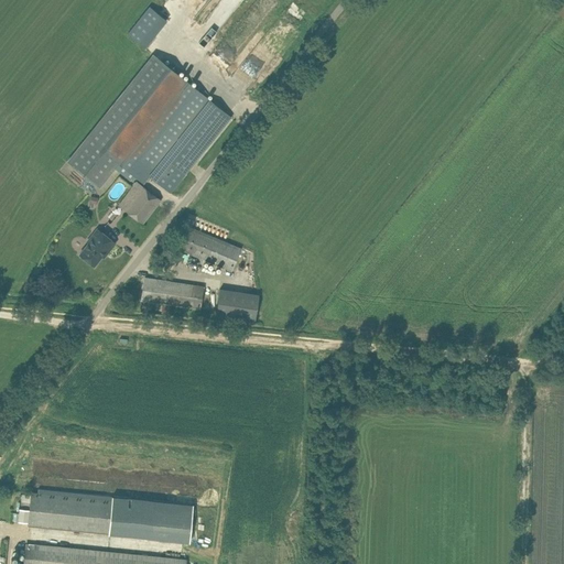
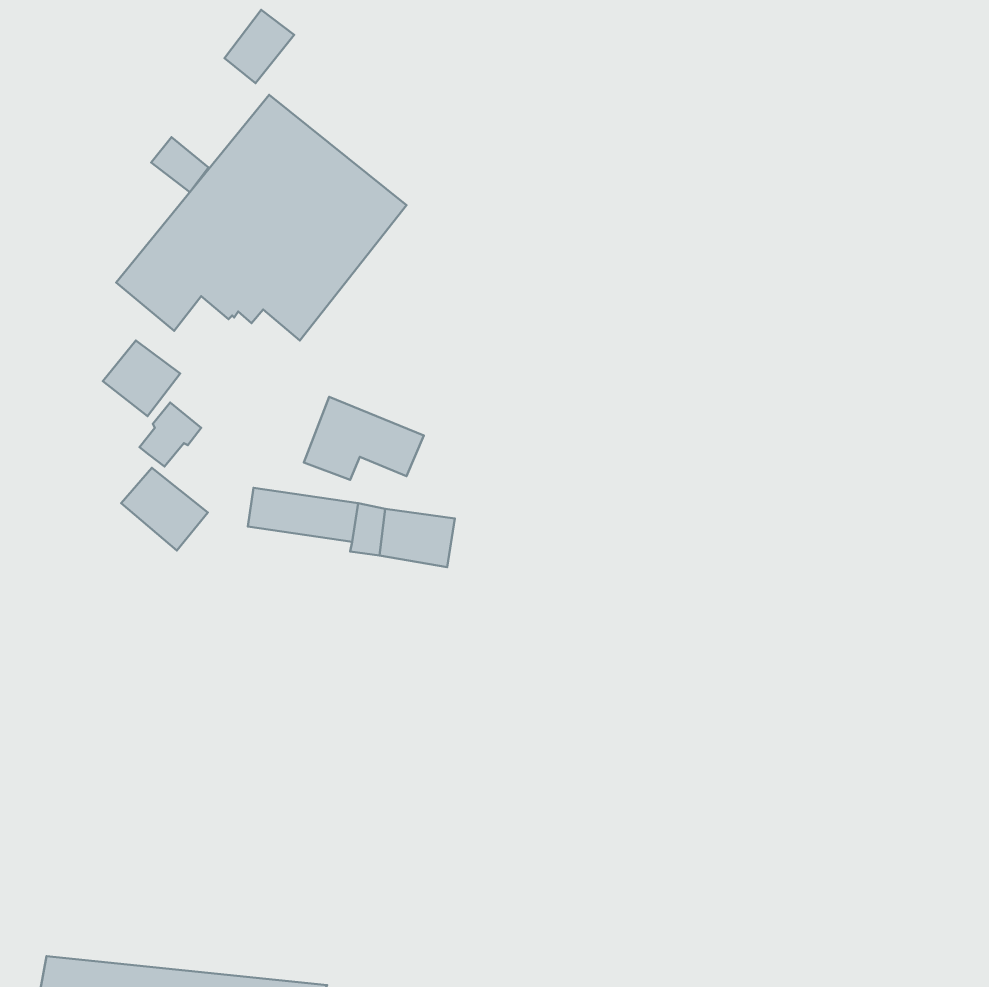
building: none -> [151,137,208,192]
building: [118,183,162,226] -> [103,341,180,416]
building: none -> [121,468,208,550]
building: [28,490,193,543] -> none

